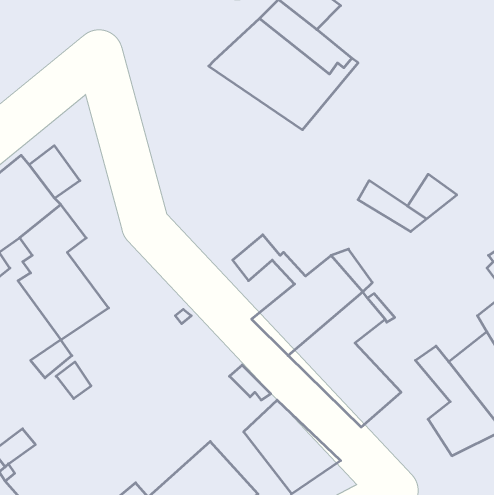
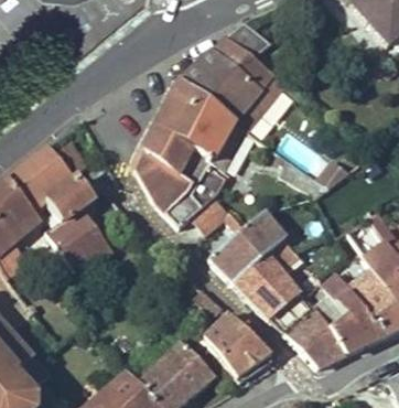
building: none -> [136,83,247,226]
building: none -> [284,283,347,367]

